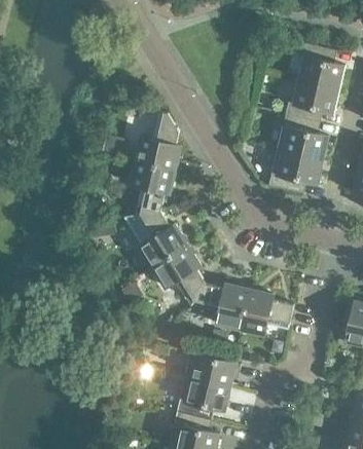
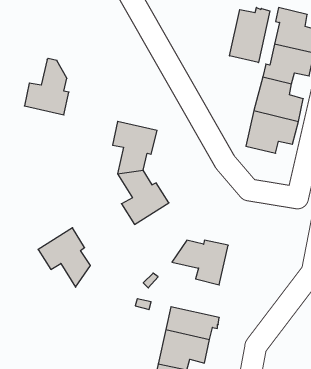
building: none -> [230,7,270,63]
building: [135,111,181,170] -> [24,58,69,115]
building: [152,245,207,306] -> [38,228,90,287]
building: [241,289,294,336] -> none

